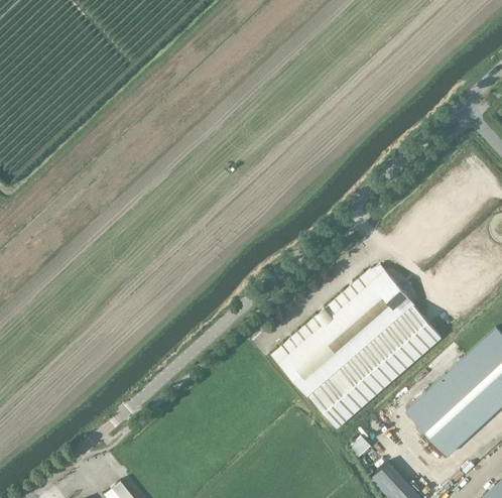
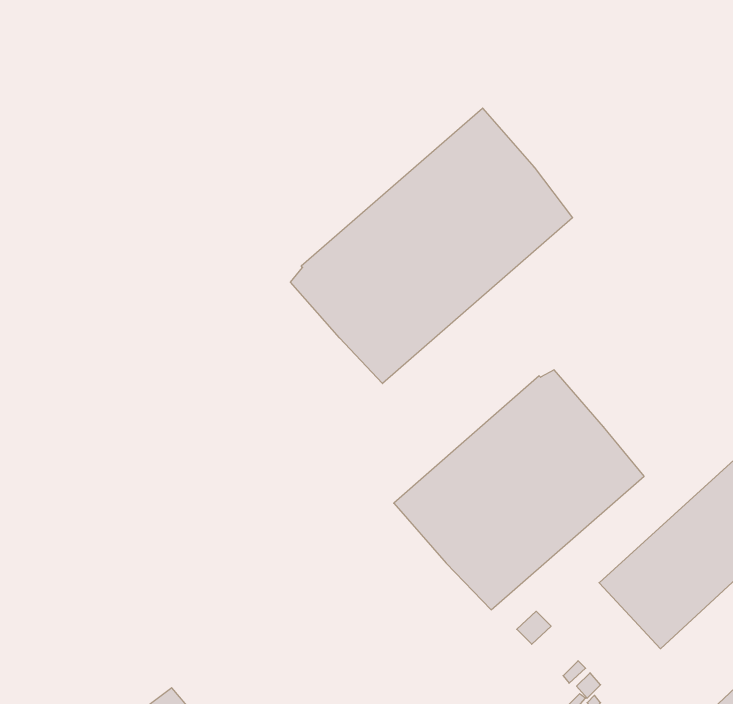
building: none -> [290,108,573,384]

